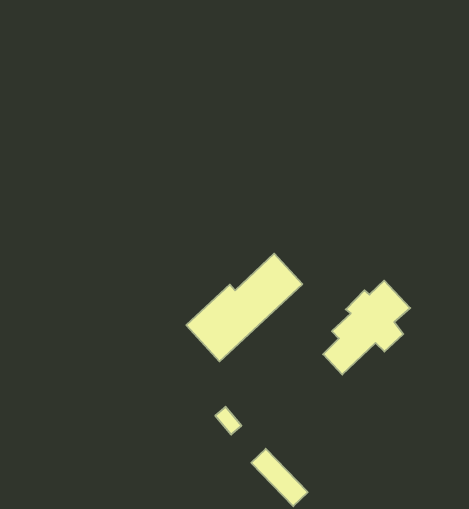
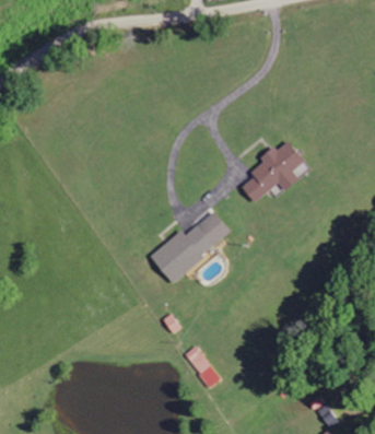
building: [323,281,410,375] -> [242,141,305,203]

